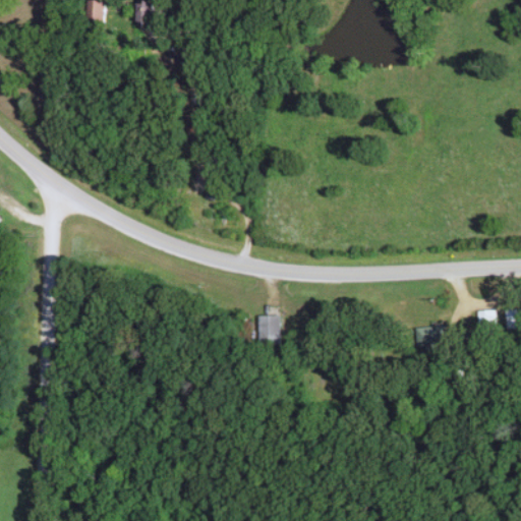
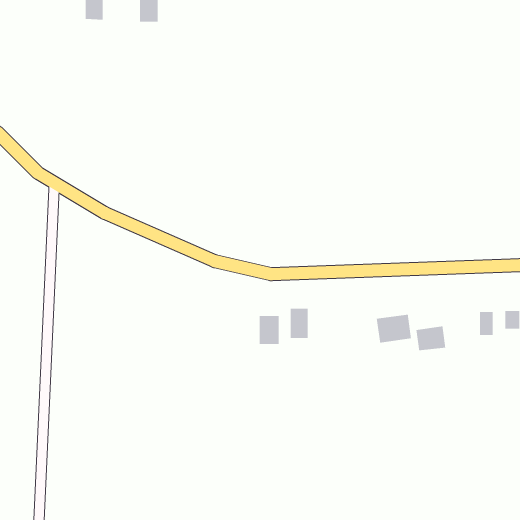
building: none -> [290,308,308,339]
building: none -> [376,314,412,343]

